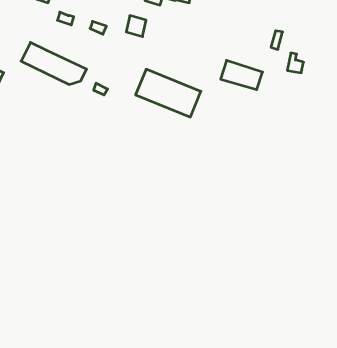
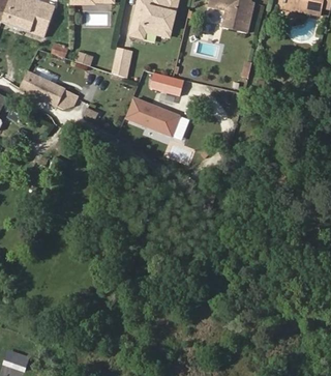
building: [221,60,263,90] -> [146,70,183,96]

